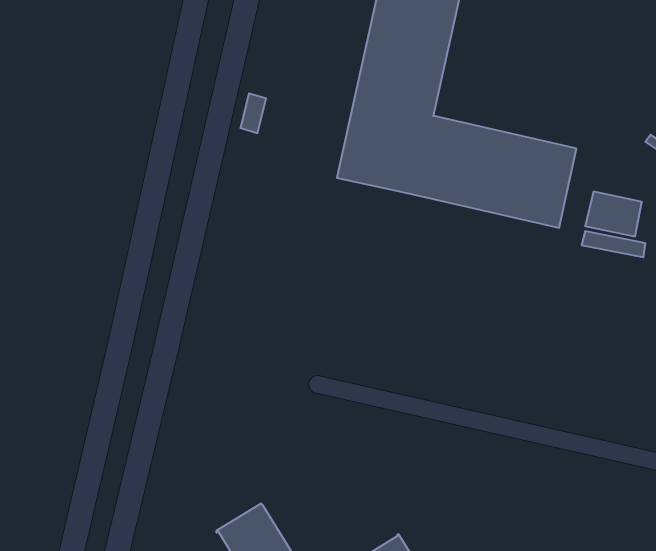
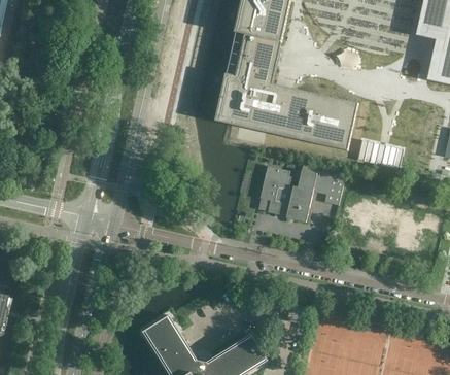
building: none -> [259,165,345,221]

